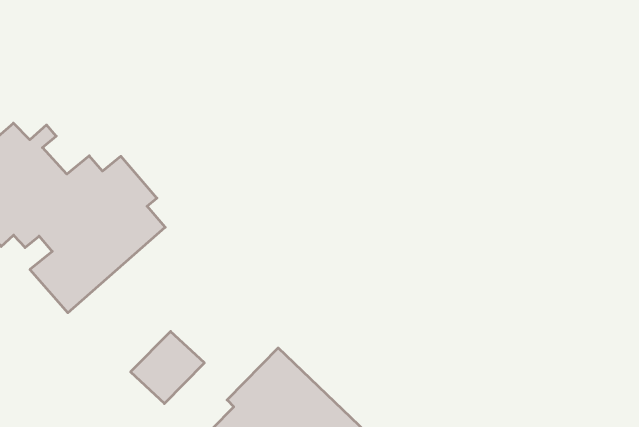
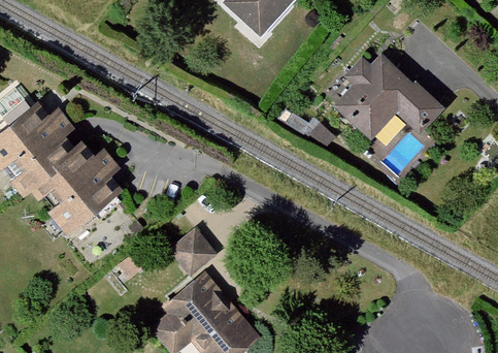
building: none -> [334,54,446,141]
building: [131,331,204,404] -> [168,225,220,275]

